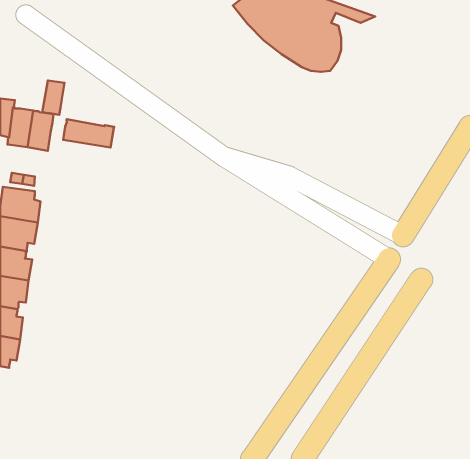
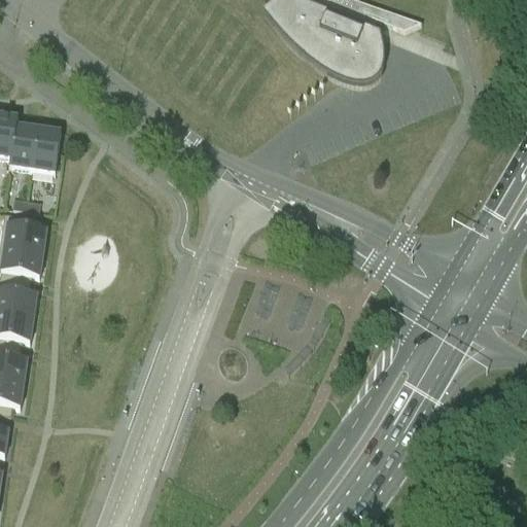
building: [42,80,65,115] -> none
building: [63,119,114,148] -> none

